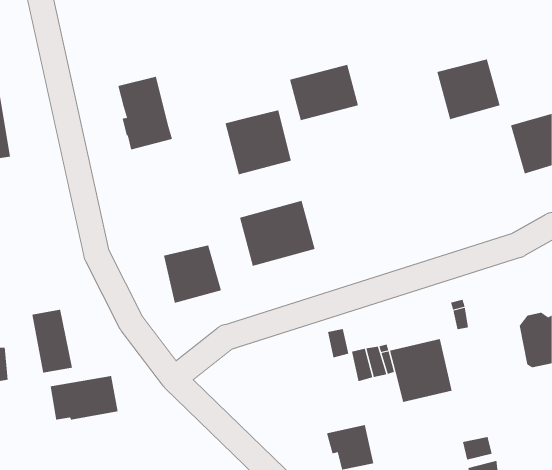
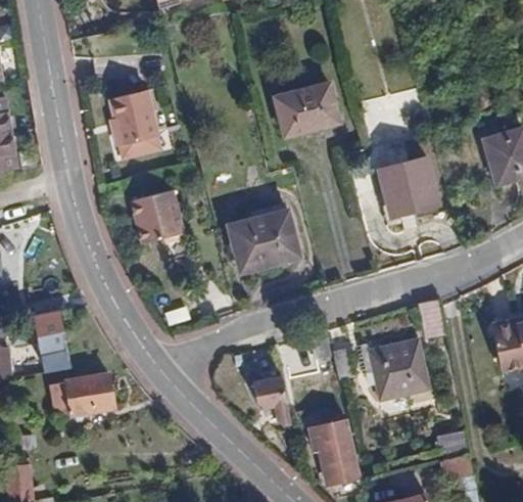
building: [436,59,501,120] -> [378,157,438,215]
building: [225,110,291,175] -> none
building: [163,245,222,303] -> [134,189,189,244]
building: none -> [256,378,294,427]

